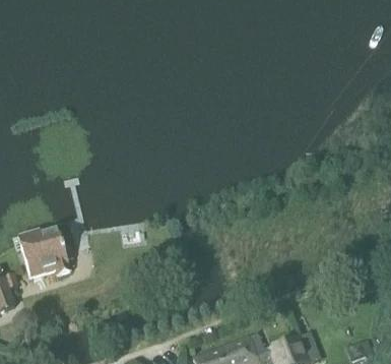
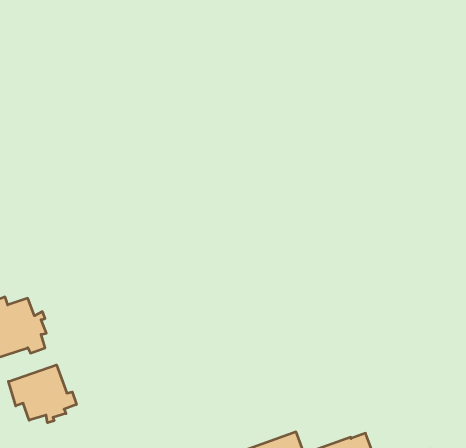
building: none -> [8,365,76,423]

